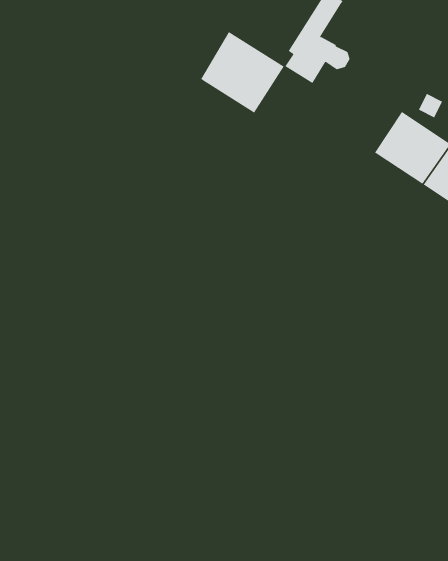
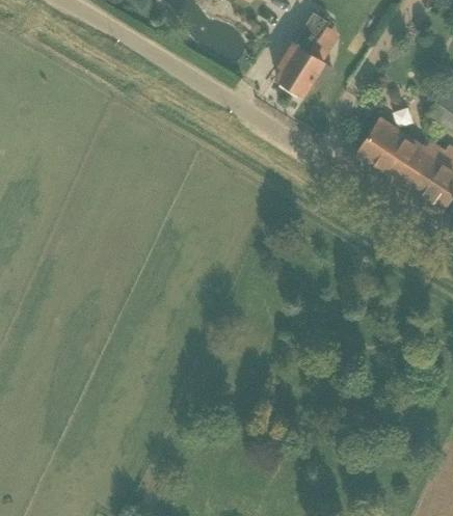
building: [200,31,284,113] -> none

